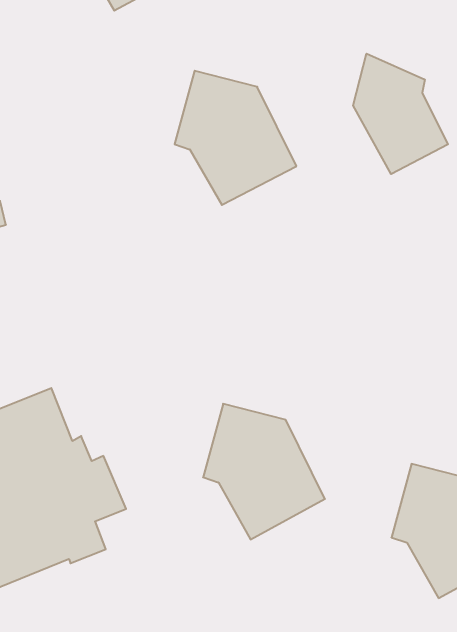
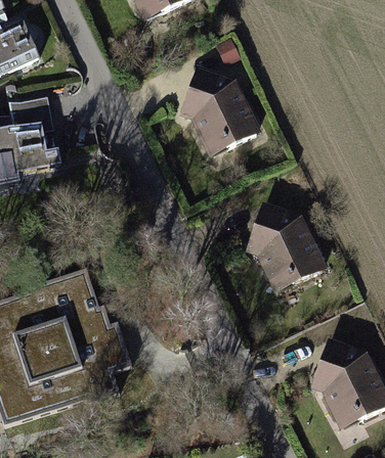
building: [353,54,448,174] -> none
building: [203,404,325,539] -> [243,201,325,294]

